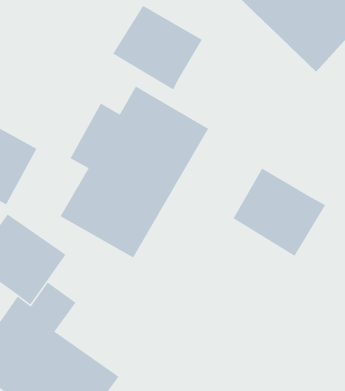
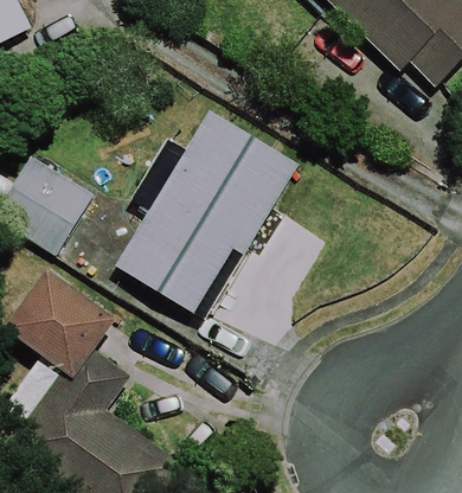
building: [112,5,203,90] -> none
building: [232,167,326,257] -> none

